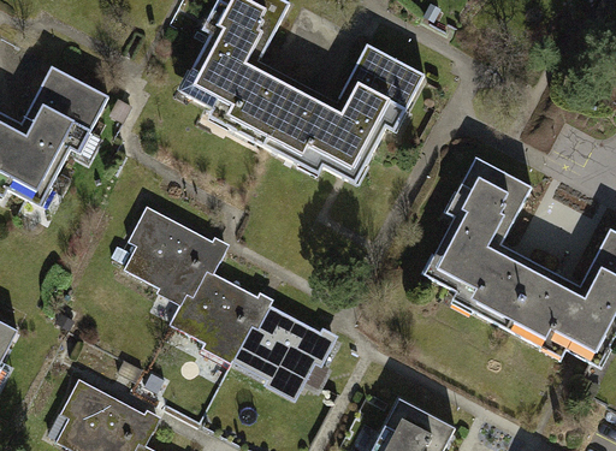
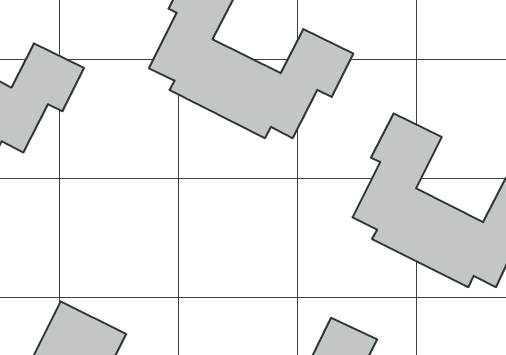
building: [111,201,332,402] -> none

